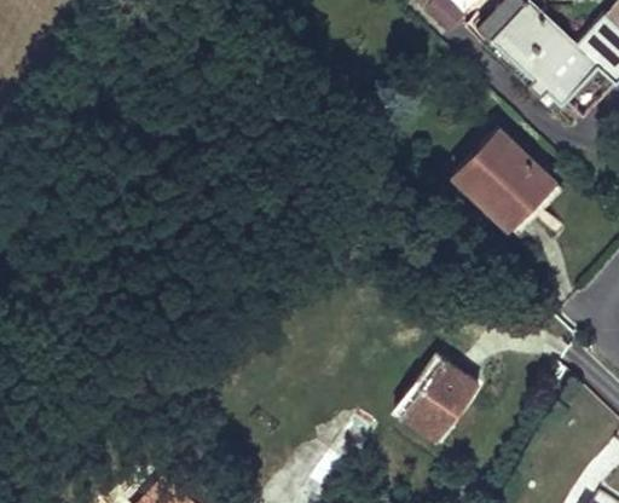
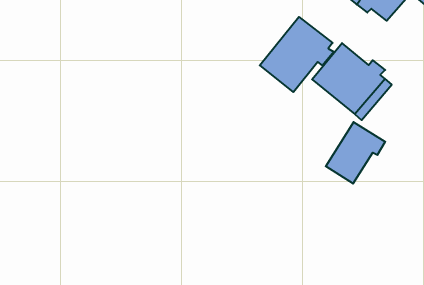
building: none -> [260,17,334,92]
building: [397,355,480,439] -> [326,122,385,184]

